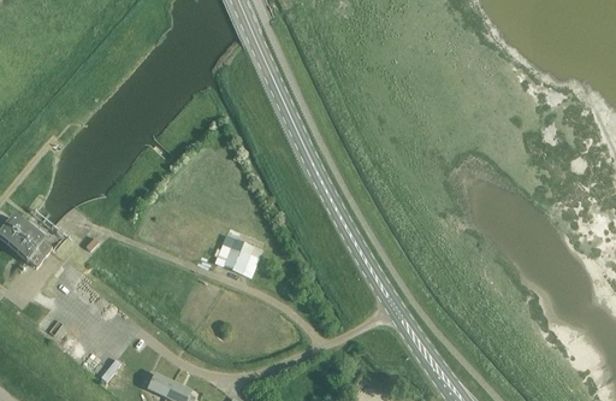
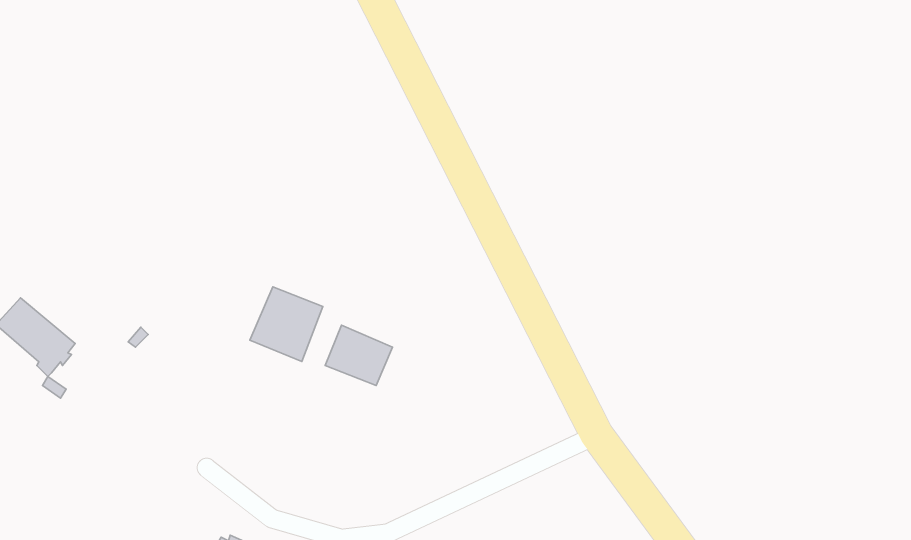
building: none -> [250,287,323,361]

